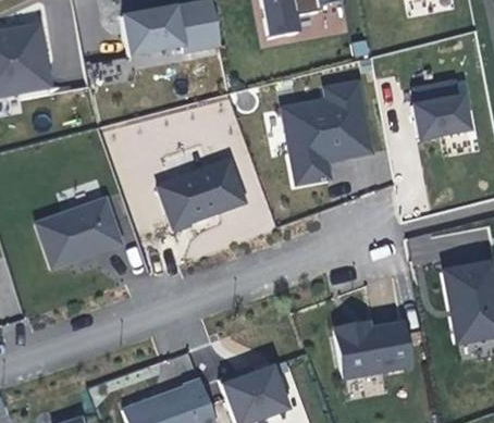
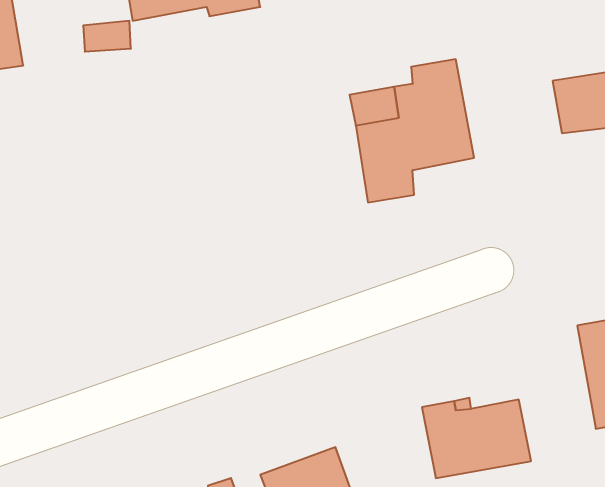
building: [166,159,256,226] -> none
building: [48,197,132,264] -> none

